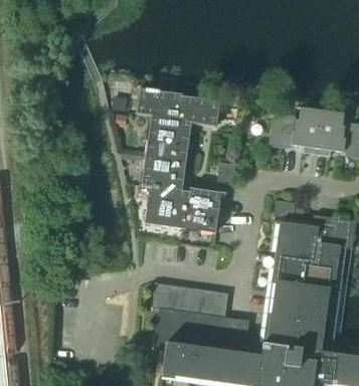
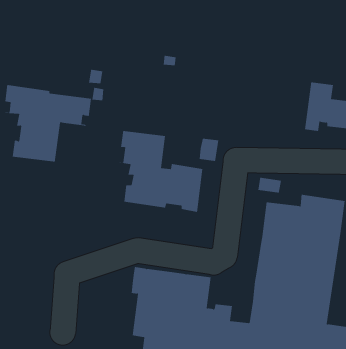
building: [137,87,219,161] -> [5,85,92,162]
building: [273,107,322,155] -> none

